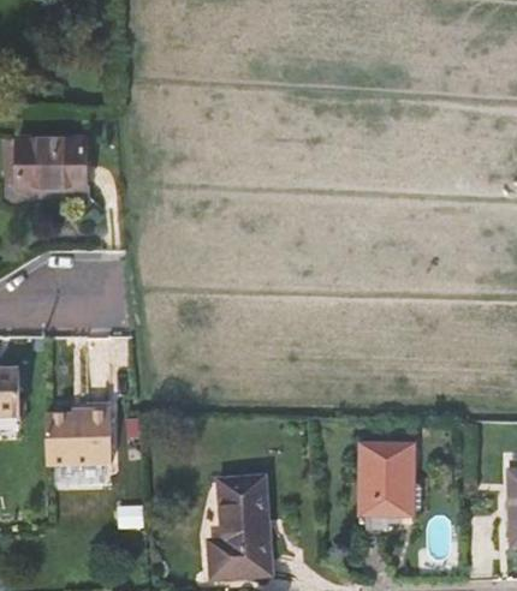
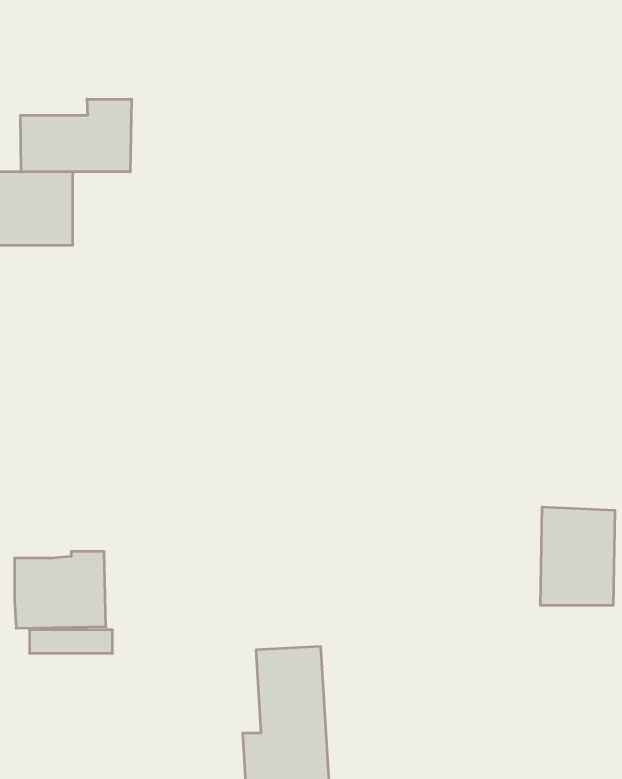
building: none -> [21,99,132,172]
building: [359,443,414,514] -> [540,507,615,605]

